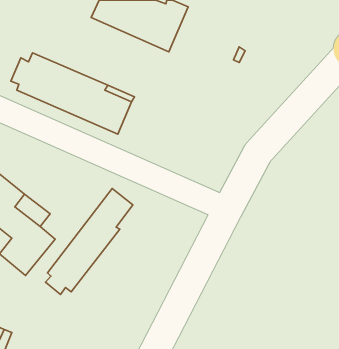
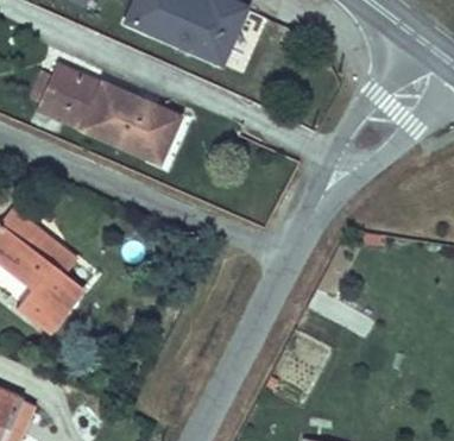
building: [46,189,133,294] -> none

